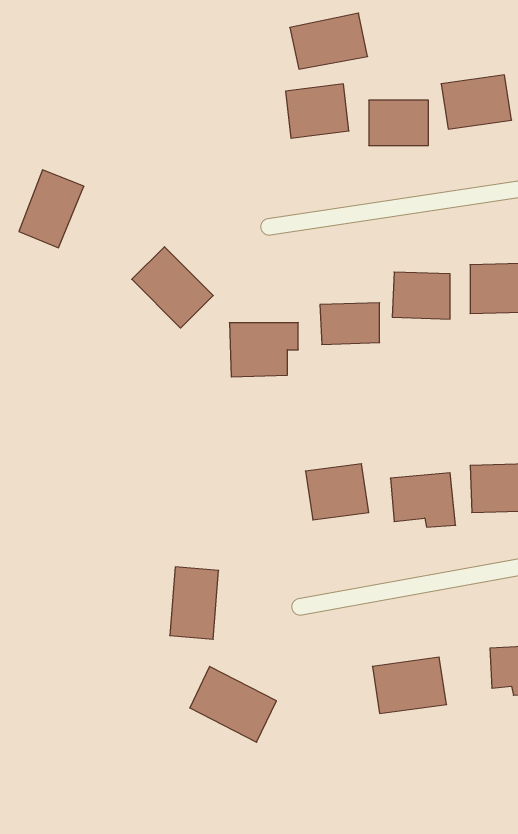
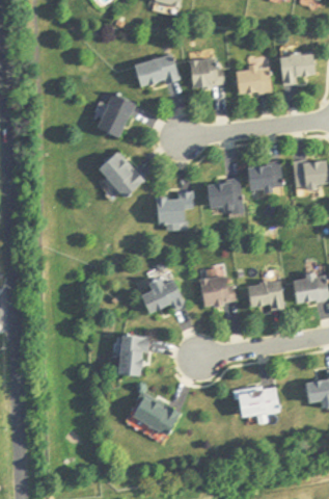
building: [290,13,368,69] -> [135,55,180,87]
building: [19,170,84,248] -> [98,94,135,138]
building: none -> [142,272,183,313]

